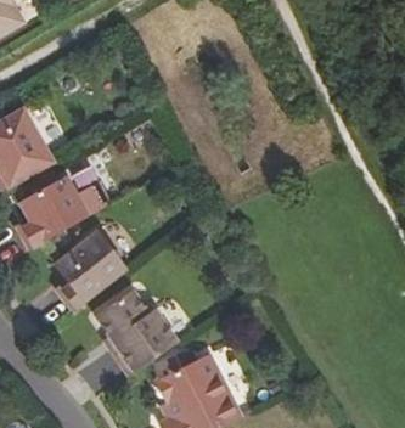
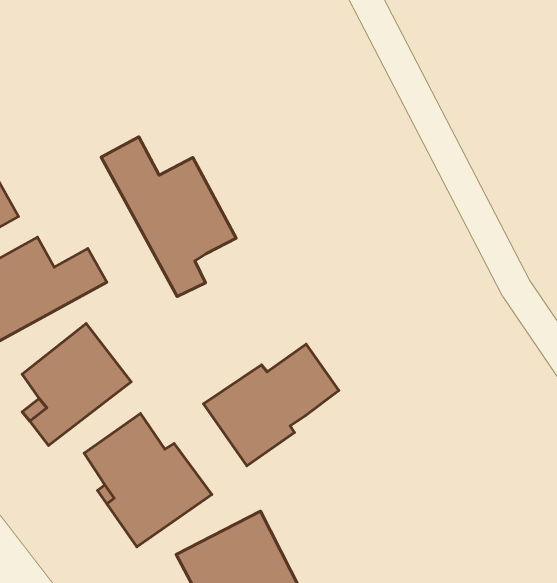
building: none -> [101,137,236,296]
building: none -> [203,344,339,466]

